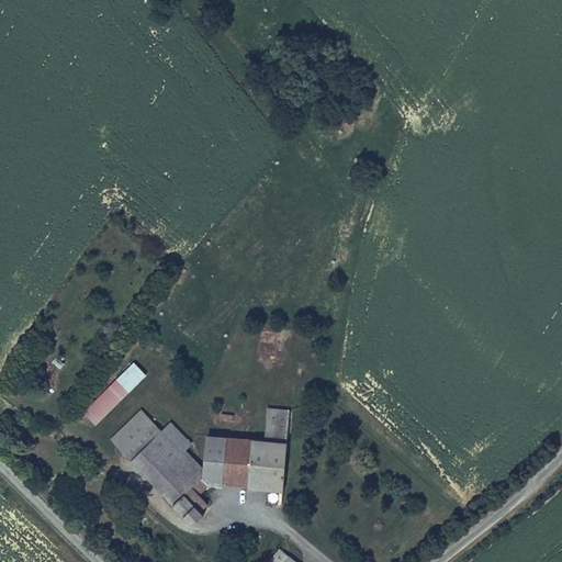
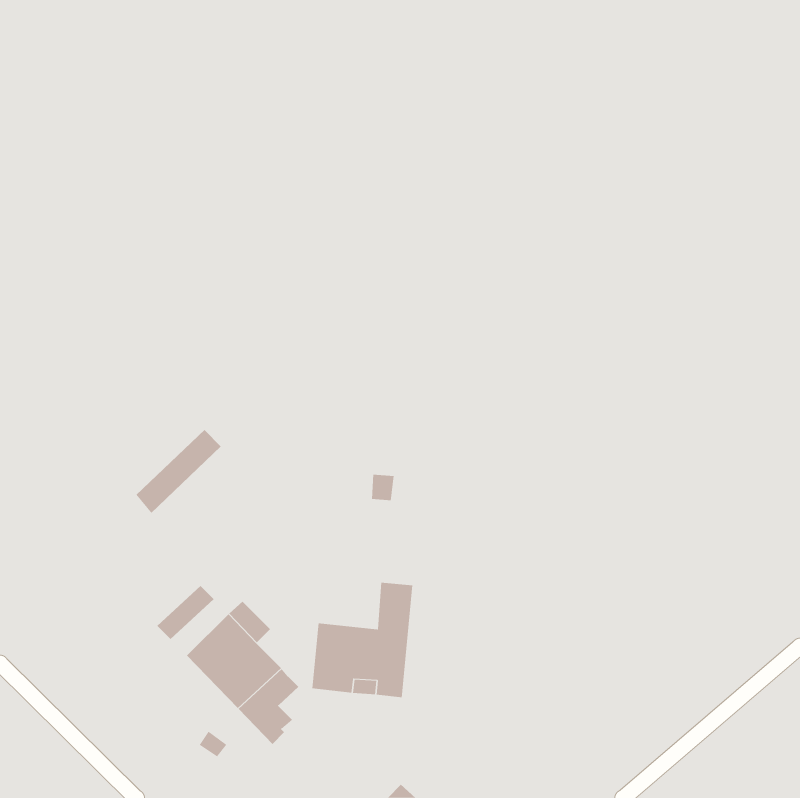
building: [86,362,146,422] -> [135,429,222,514]
building: [120,420,160,460] -> none
building: [202,436,223,483] -> none

